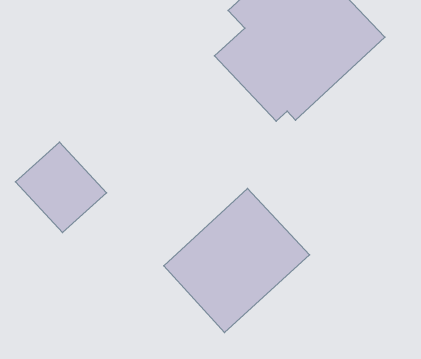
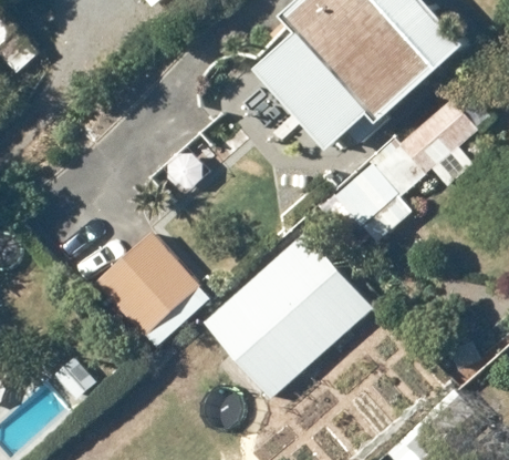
building: none -> [333,95,478,239]
building: [15,142,107,232] -> [96,234,206,343]

